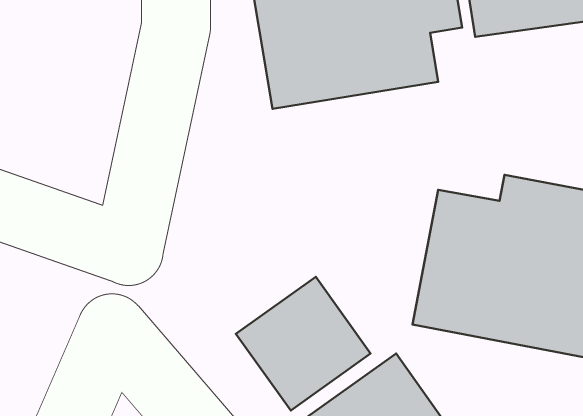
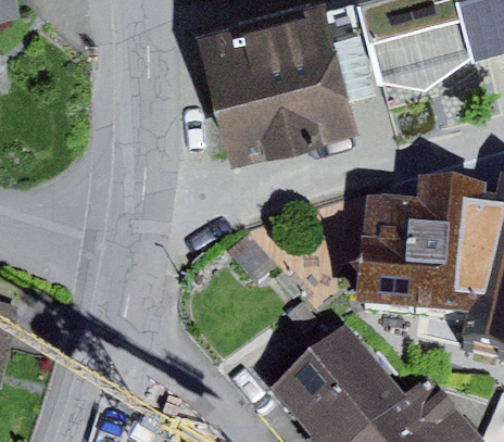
building: [236,277,371,410] -> none

